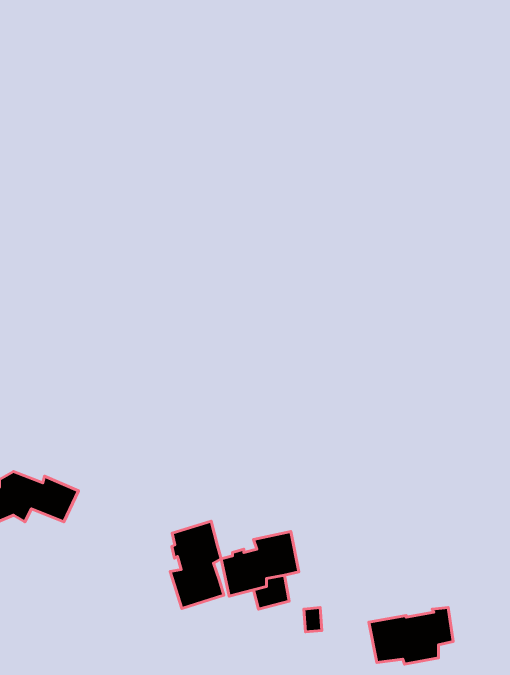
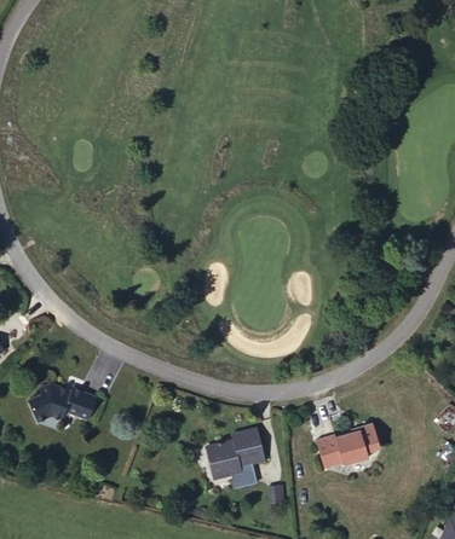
building: [170,521,224,609] -> none
building: [369,607,453,664] -> [313,427,376,469]

